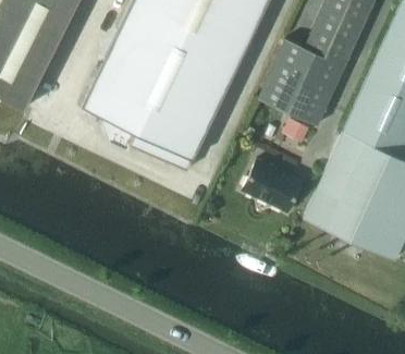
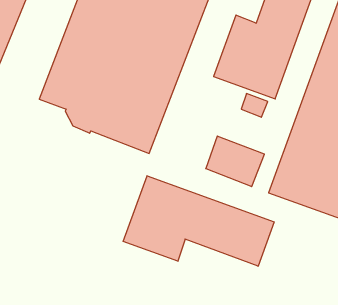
building: none -> [123,176,274,266]

